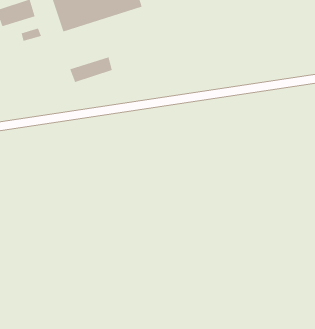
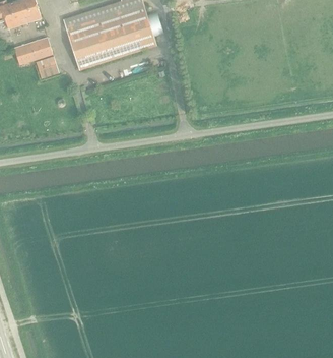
building: [70,56,112,83] -> none

